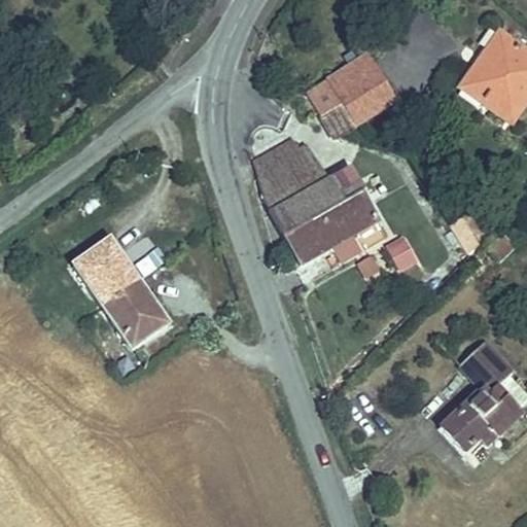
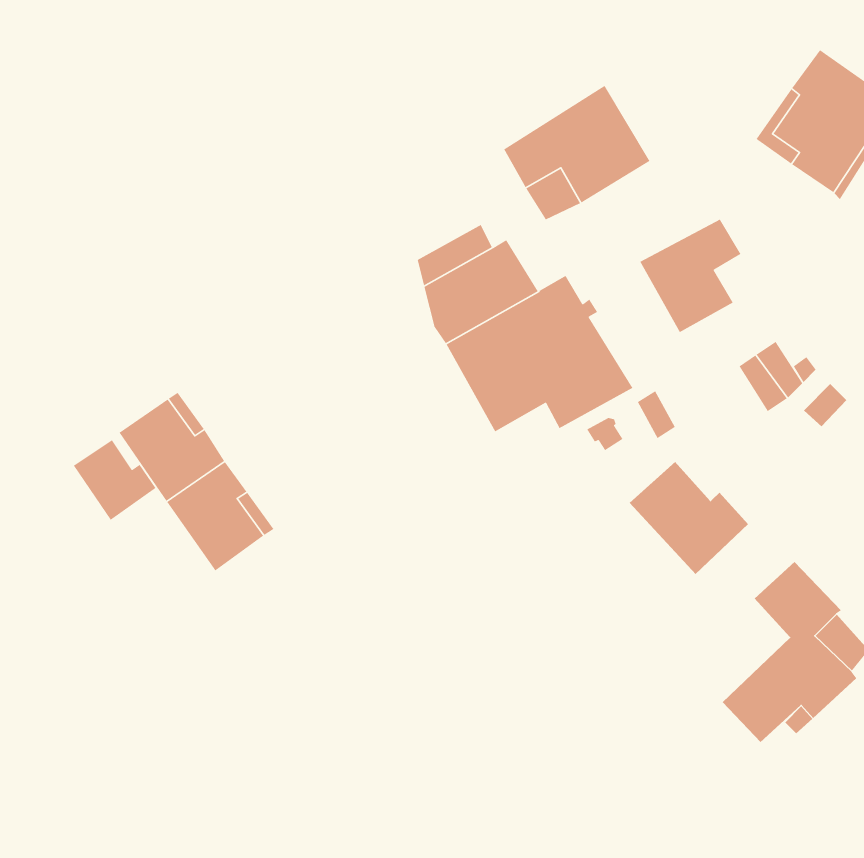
building: none -> [639,218,741,333]
building: none -> [73,439,156,521]
building: none -> [629,461,749,575]

